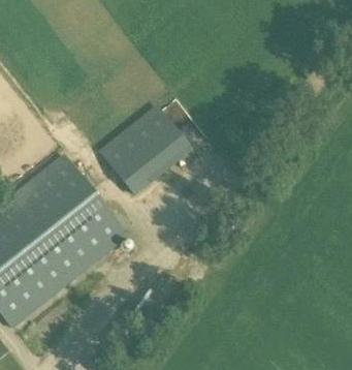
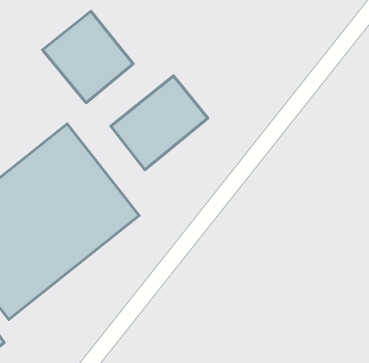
building: none -> [42,11,133,103]

